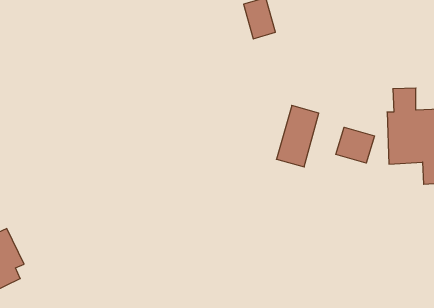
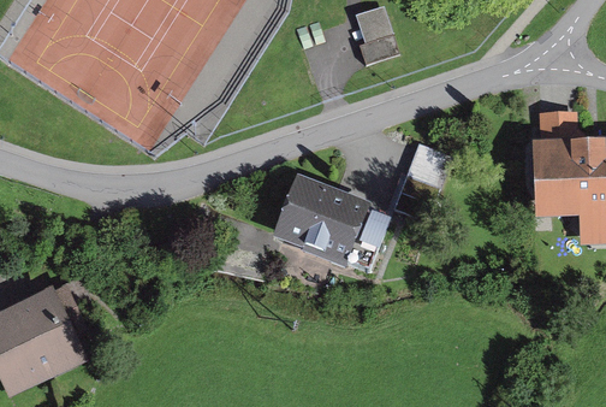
building: [336,127,374,163] -> none
building: none -> [278,184,379,261]

